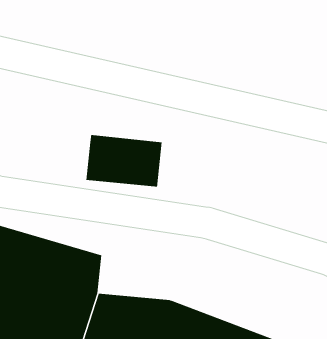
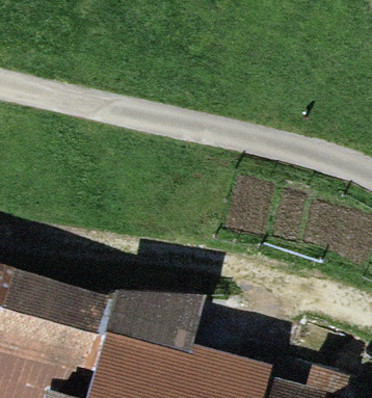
building: [86,134,163,187] -> [114,291,196,347]

